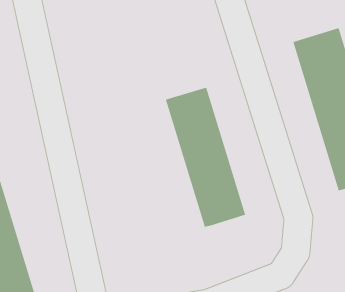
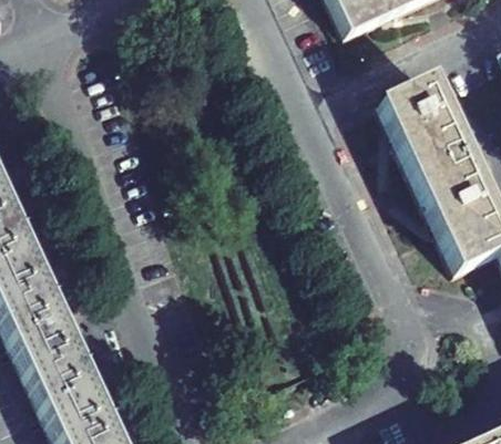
building: [165,87,246,227] -> none

